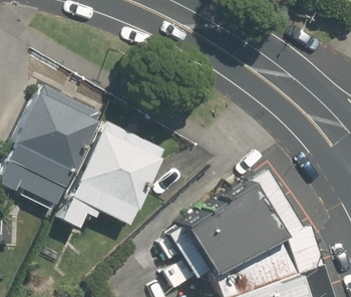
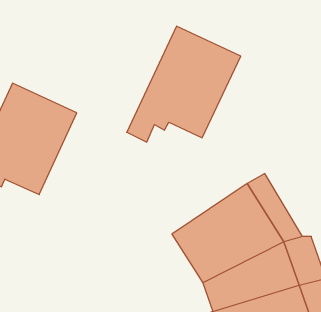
building: [60,123,163,229] -> [127,26,241,142]

